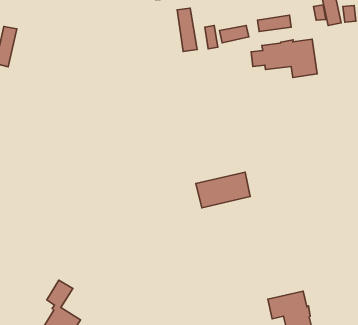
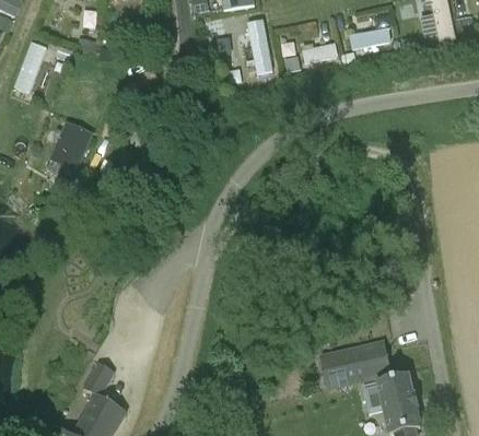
building: [251,39,317,77] -> none
building: none -> [50,122,92,168]
building: [196,172,250,208] -> [319,343,388,388]

